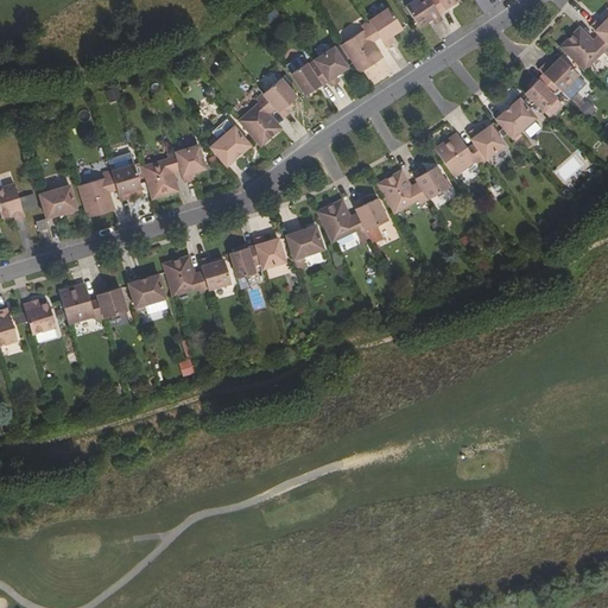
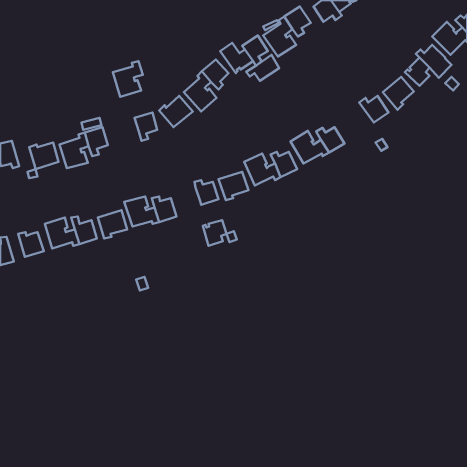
building: none -> [246,55,279,81]
building: [435,133,486,176] -> none
building: [141,153,180,200] -> [113,61,143,97]
building: [229,243,260,277] -> [203,220,227,246]

